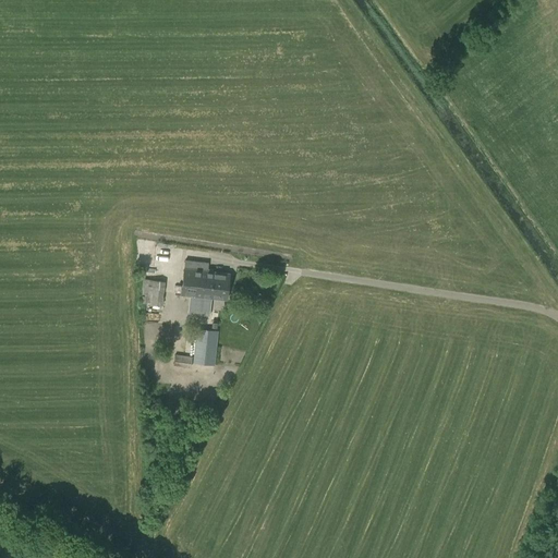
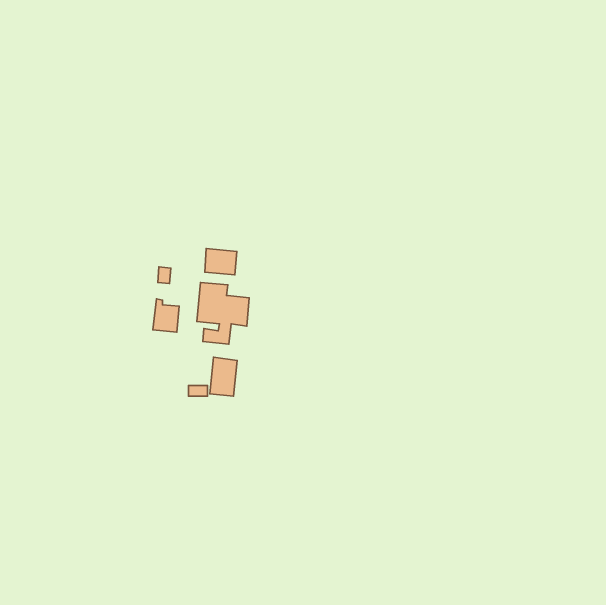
building: none -> [205,249,237,275]

